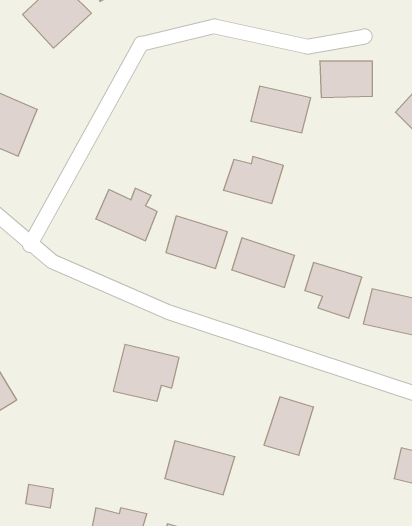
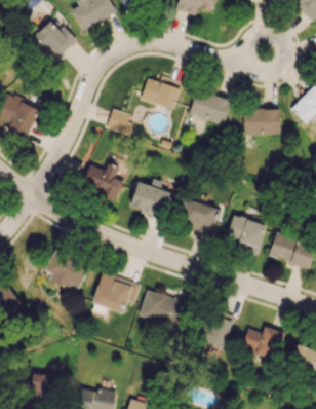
building: [320,61,372,98] -> [243,109,280,135]
building: none -> [106,108,134,137]
building: [223,157,283,203] -> [141,76,183,109]
building: none -> [45,249,89,290]
building: none -> [241,327,283,361]
building: [165,441,235,495] -> [140,290,189,328]

